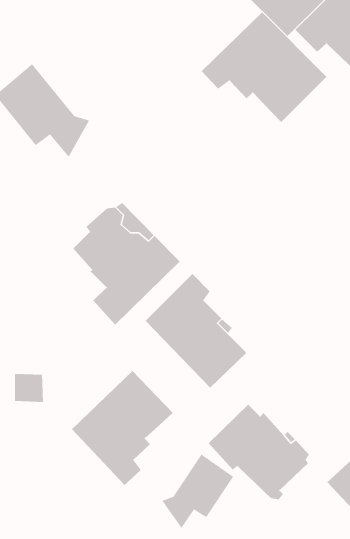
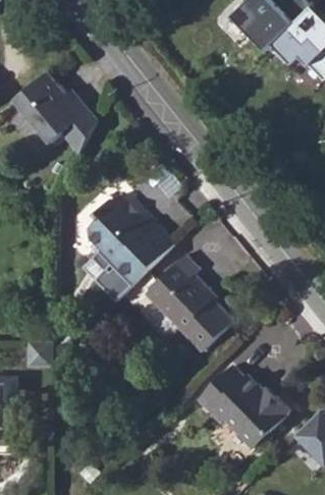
building: [201,12,327,123] -> none
building: [71,370,173,486] -> none
building: [161,453,234,529] -> none

